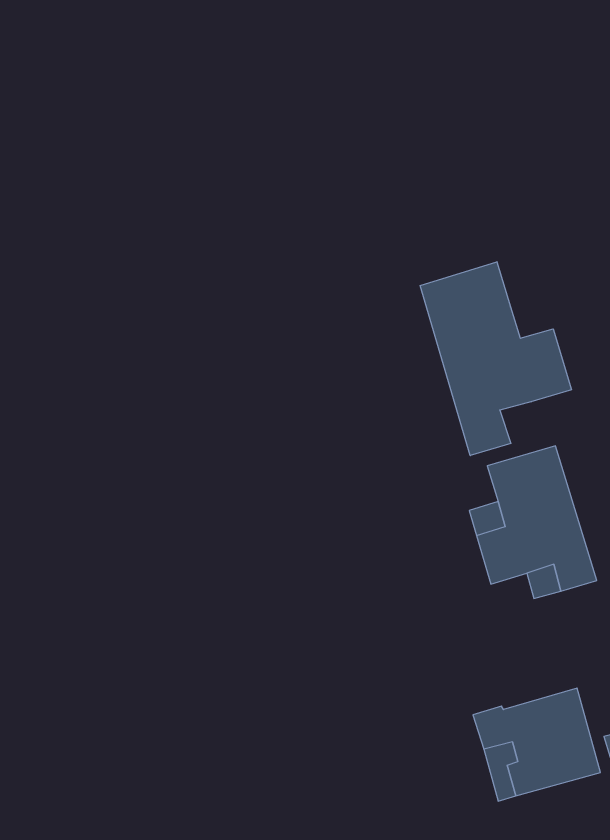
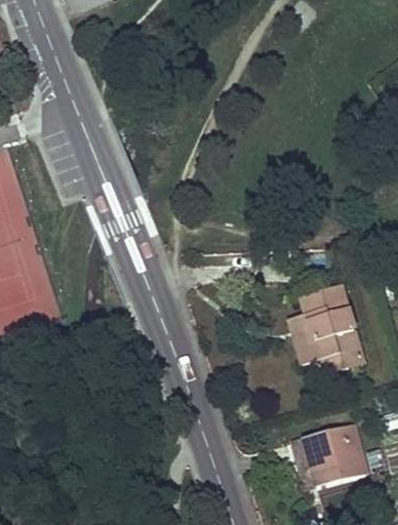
building: [420,262,571,456] -> none

